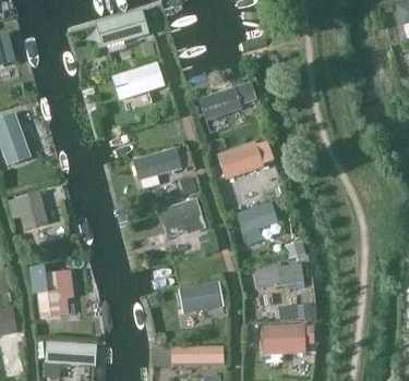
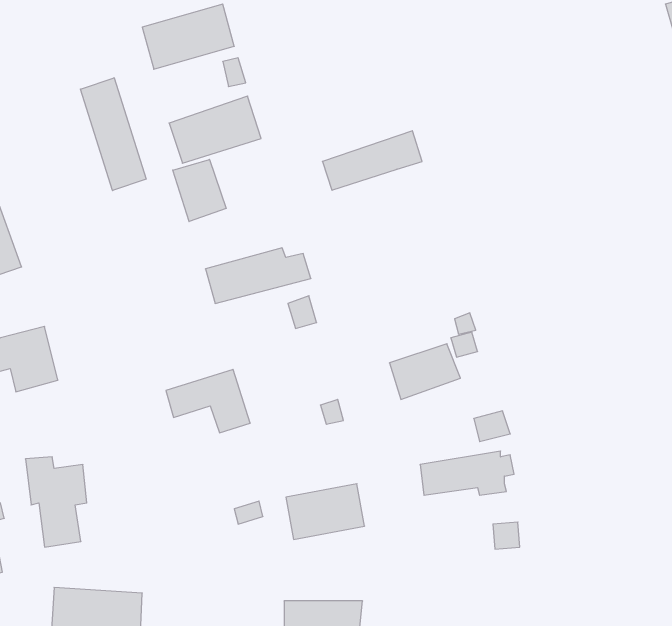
building: none -> [80,78,146,191]
building: none -> [173,159,226,222]
building: [217,140,273,176] -> none
building: [157,198,205,234] -> [166,369,250,433]
building: [262,322,314,353] -> none

